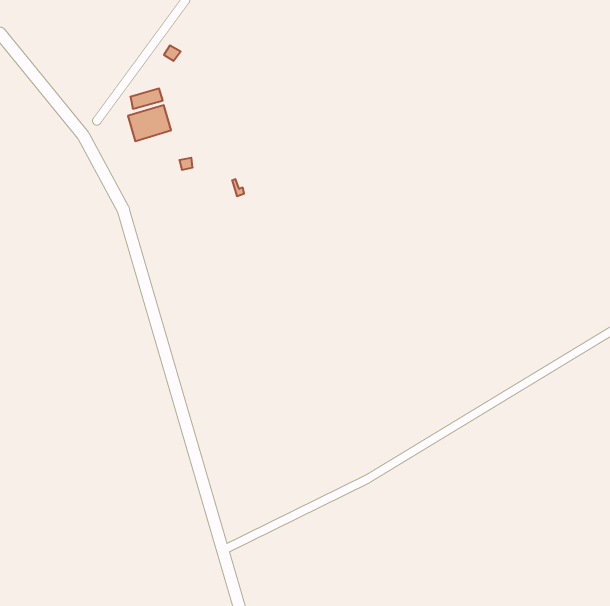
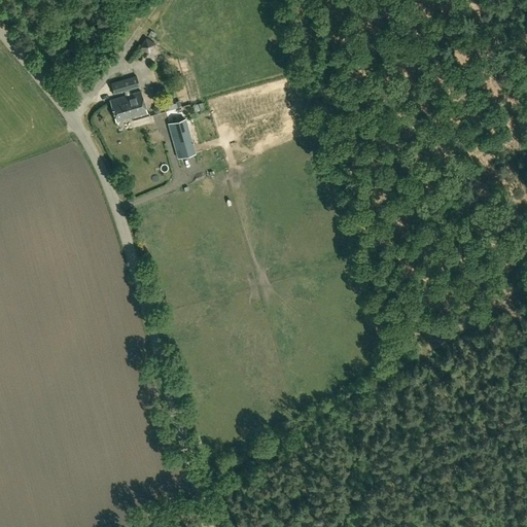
building: none -> [166,110,192,150]

